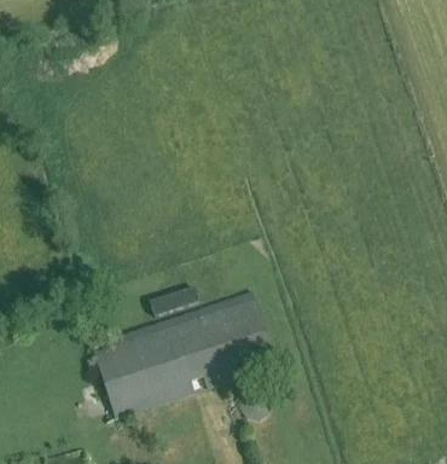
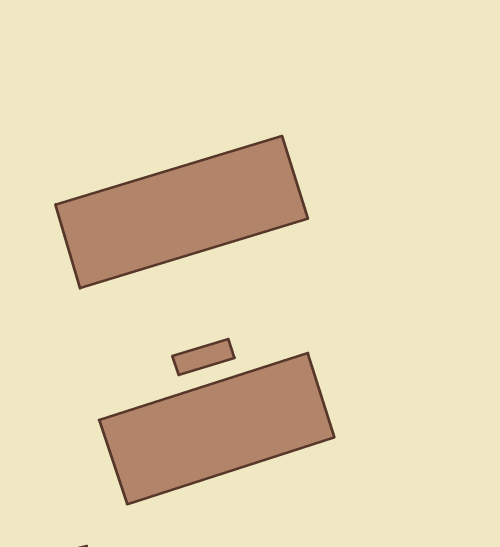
building: none -> [56,136,308,288]

